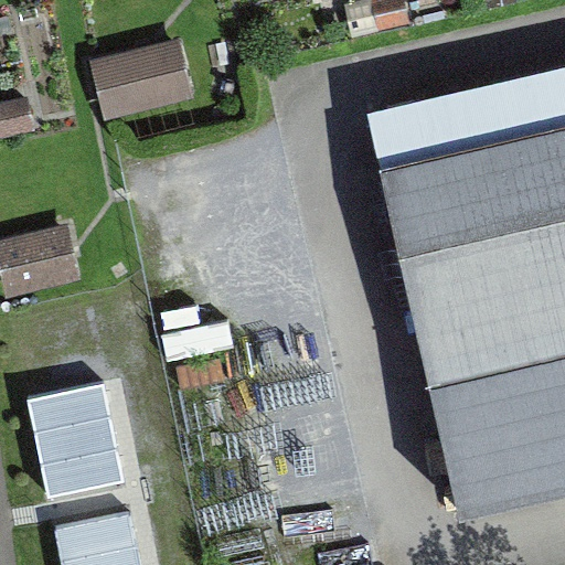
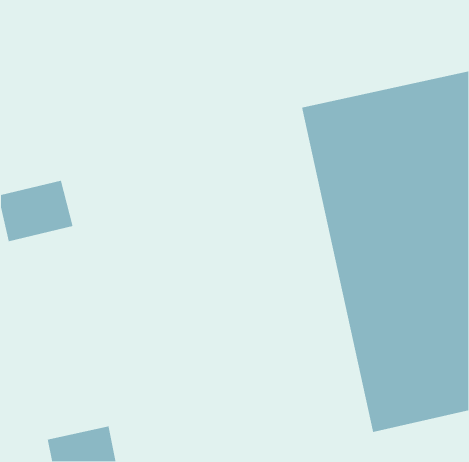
building: [90,36,195,118] -> none
building: [30,383,124,497] -> none

